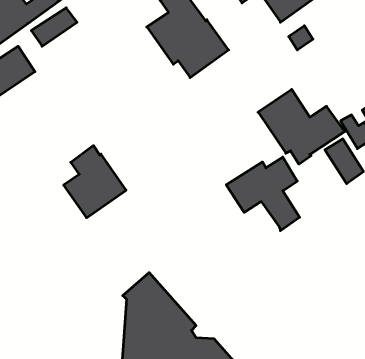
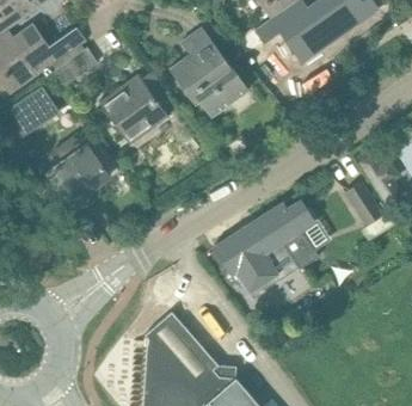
building: none -> [99,74,168,144]
building: [258,89,345,164] -> [214,224,300,299]
building: [64,146,126,218] -> [47,133,109,204]

